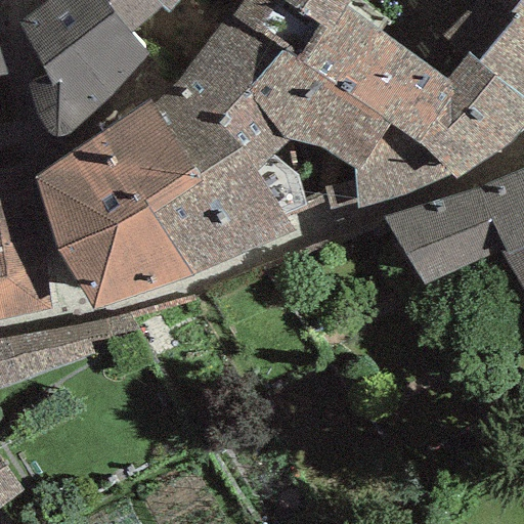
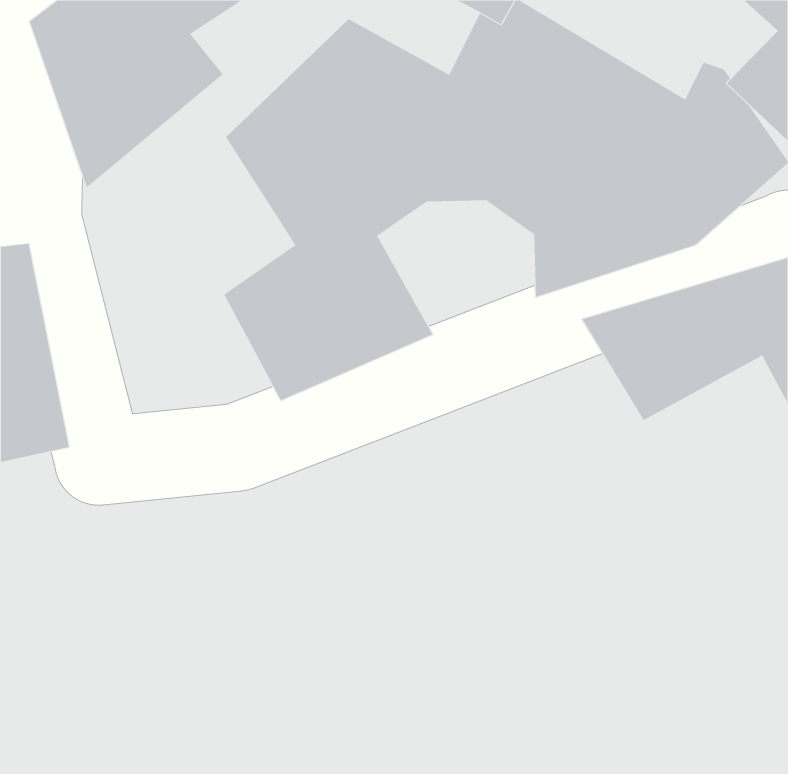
building: [38,100,195,306] -> none

